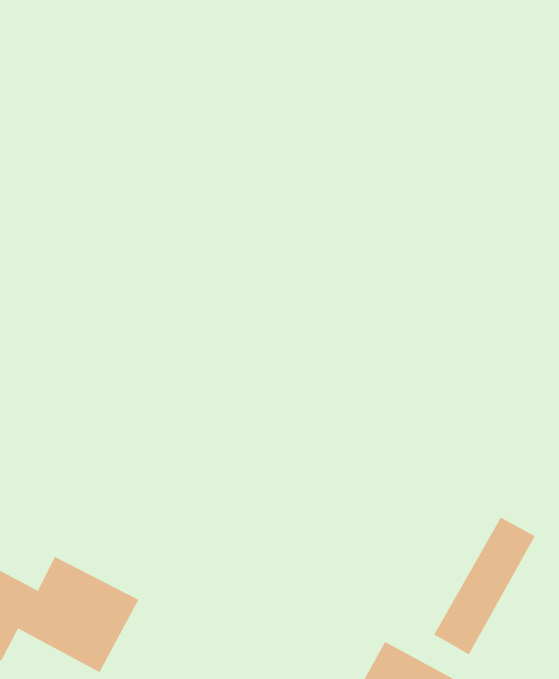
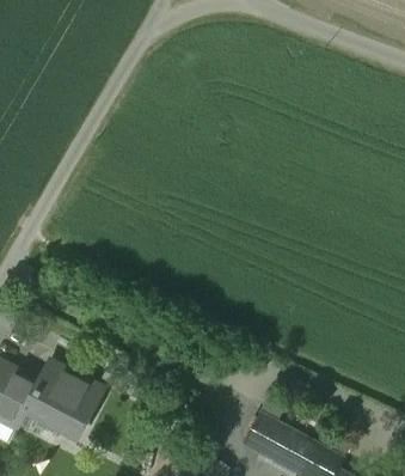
building: [433,516,536,656] -> none

